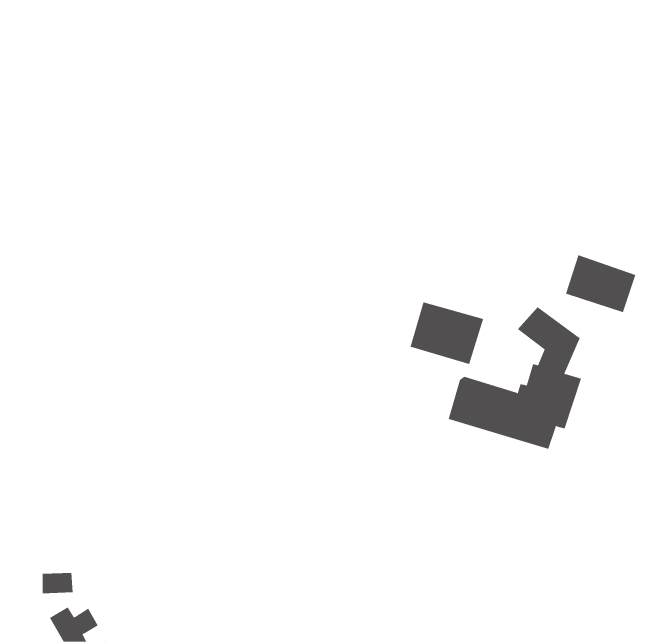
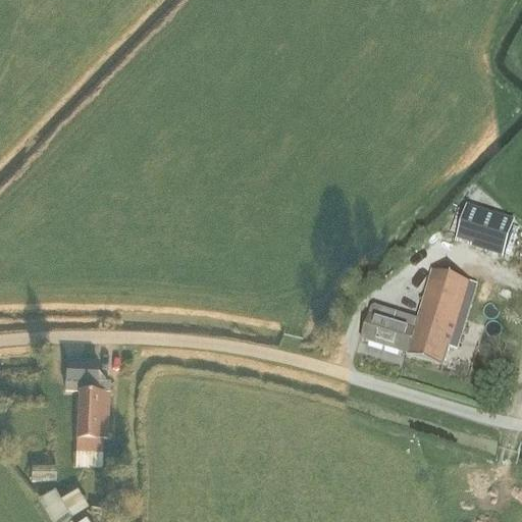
building: [410,302,484,365] -> none
building: none -> [63,359,109,451]

